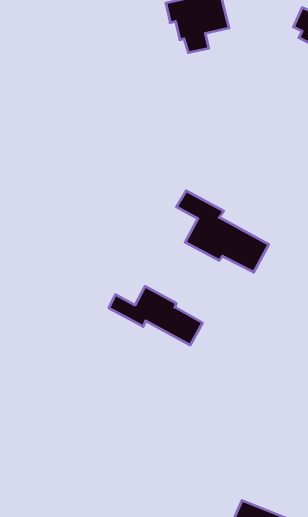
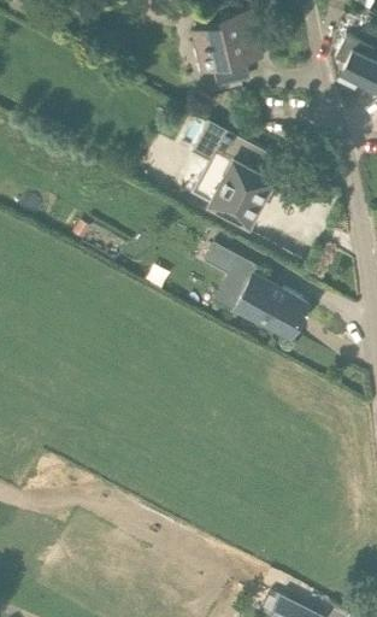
building: none -> [192,123,275,227]
building: [109,286,202,345] -> none

